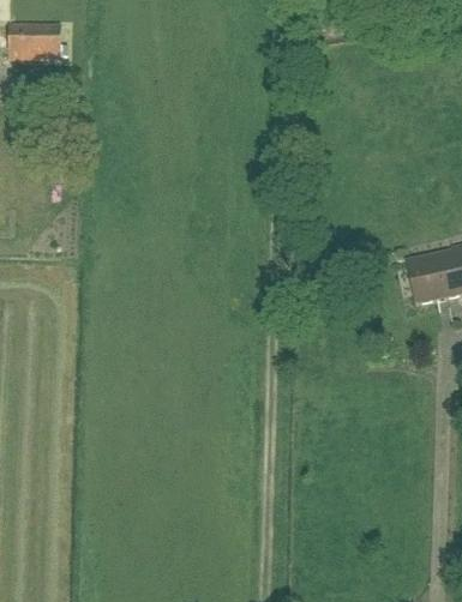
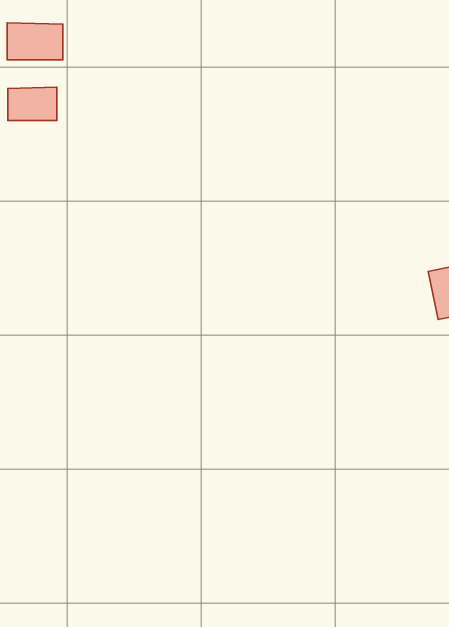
building: none -> [8,87,57,120]

